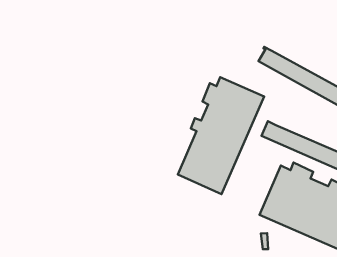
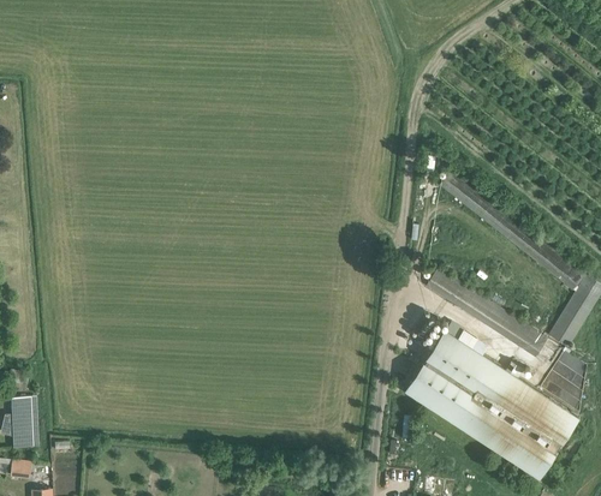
building: [178,77,264,194] -> none

